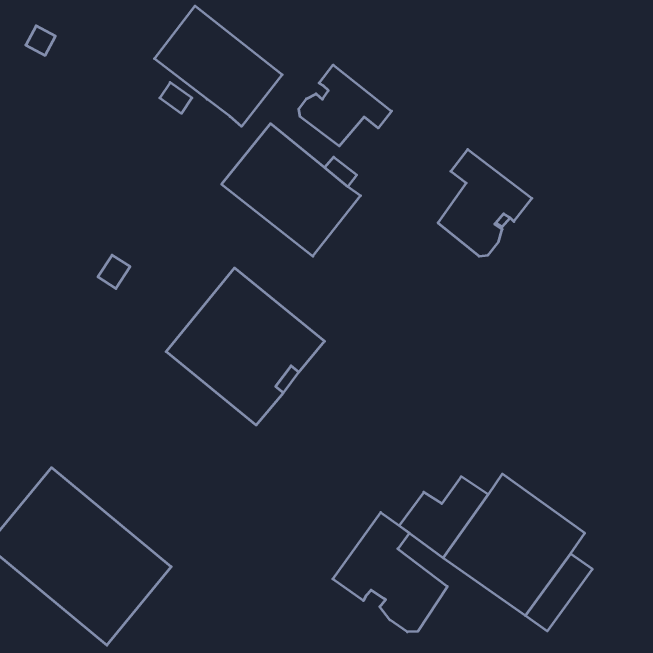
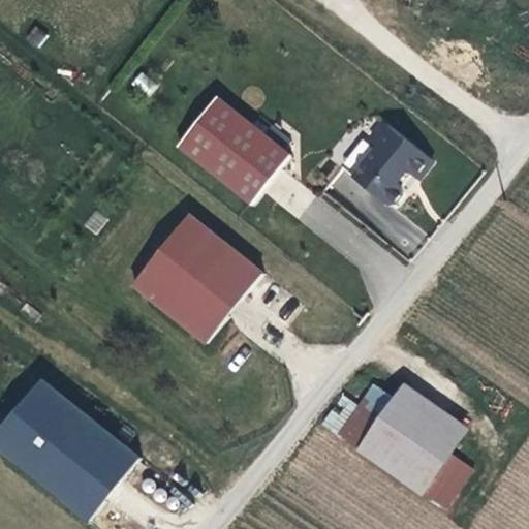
building: [154,6,282,126] -> none
building: [299,65,392,146] -> none
building: [333,512,447,632] -> none

